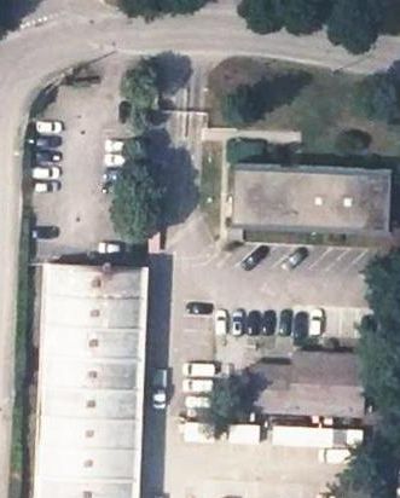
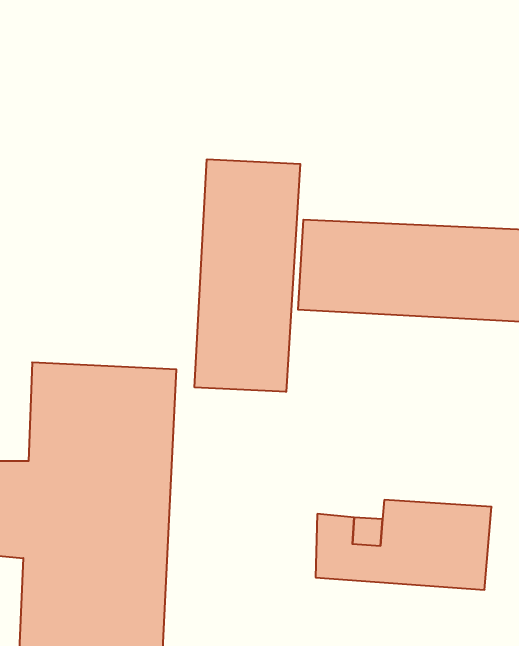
building: none -> [195,159,300,392]

